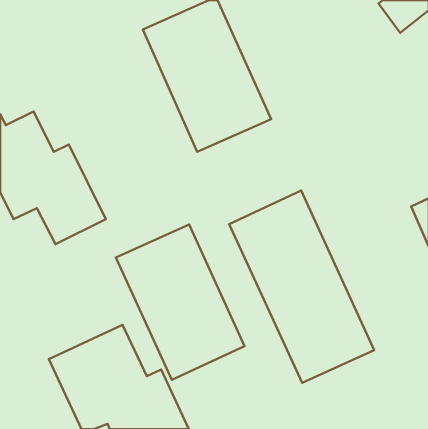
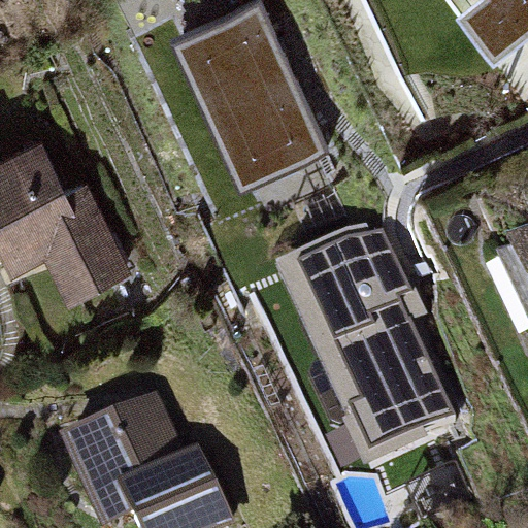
building: [116,224,245,380] -> none

